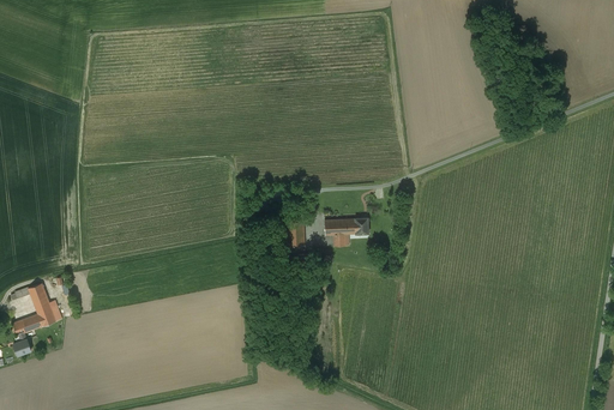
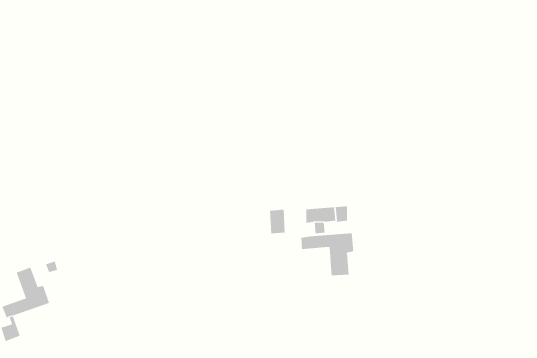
building: none -> [301,233,354,276]

